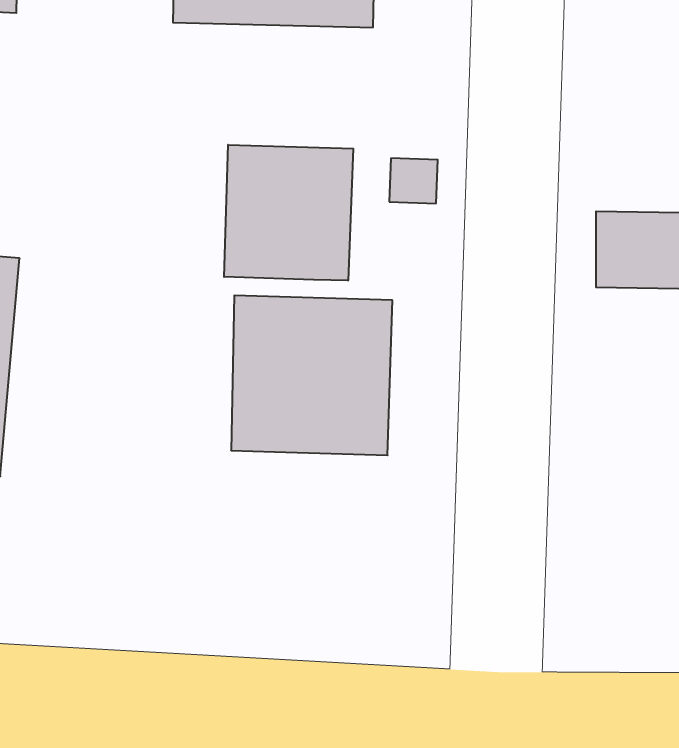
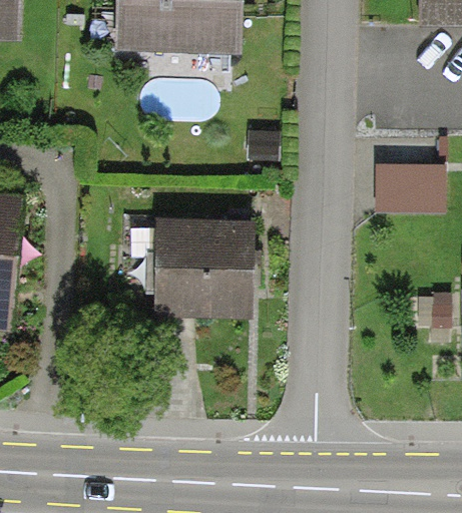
building: [224,145,353,281] -> none

